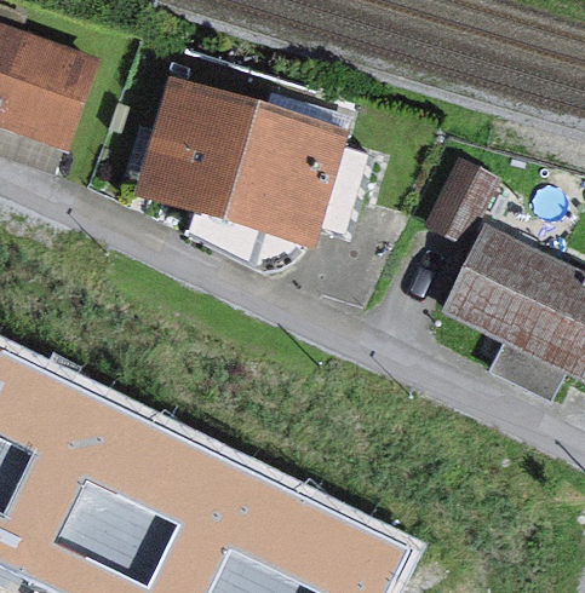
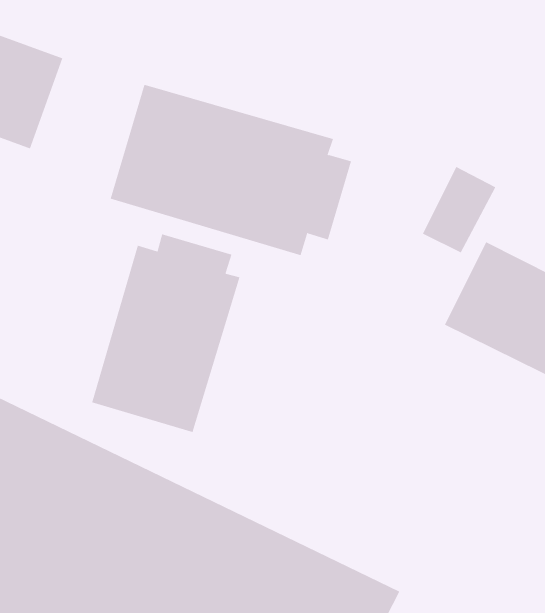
building: none -> [92,233,240,433]

